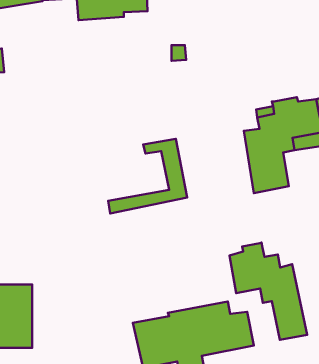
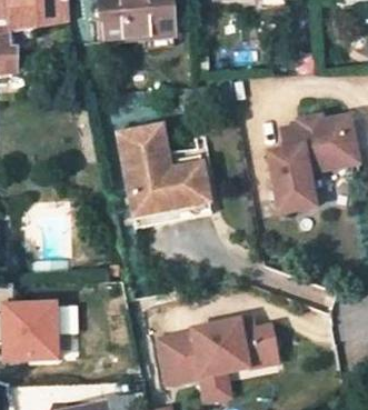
building: none -> [118,128,193,218]
building: [229,243,307,340] -> none

